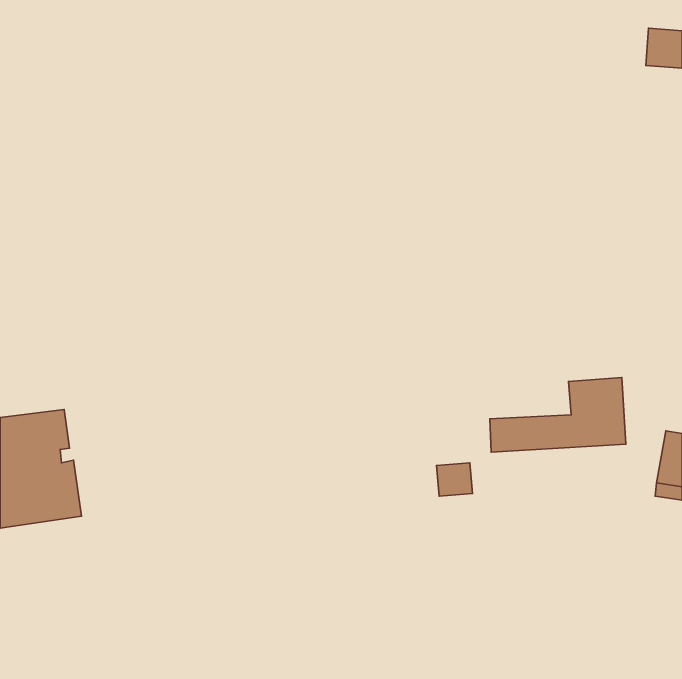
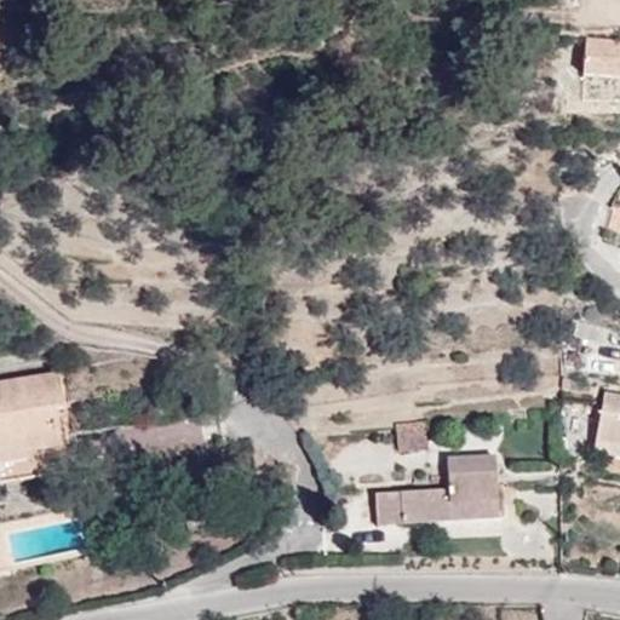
building: [490,378,626,452] -> [375,454,499,522]

